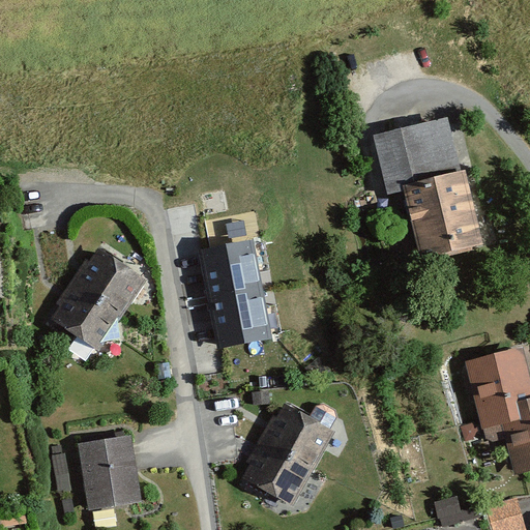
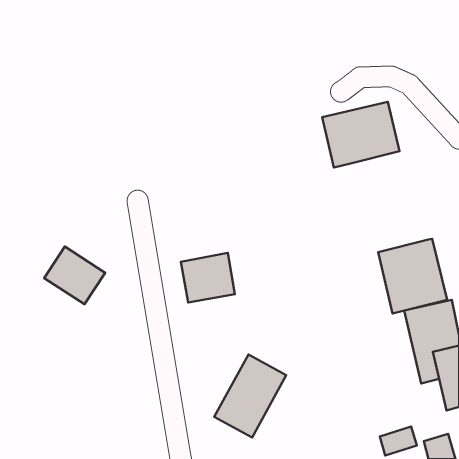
building: [402,173,481,259] -> [378,239,447,313]
building: [199,240,262,301] -> none
building: [75,248,144,314] -> none
building: [79,436,141,509] -> none

